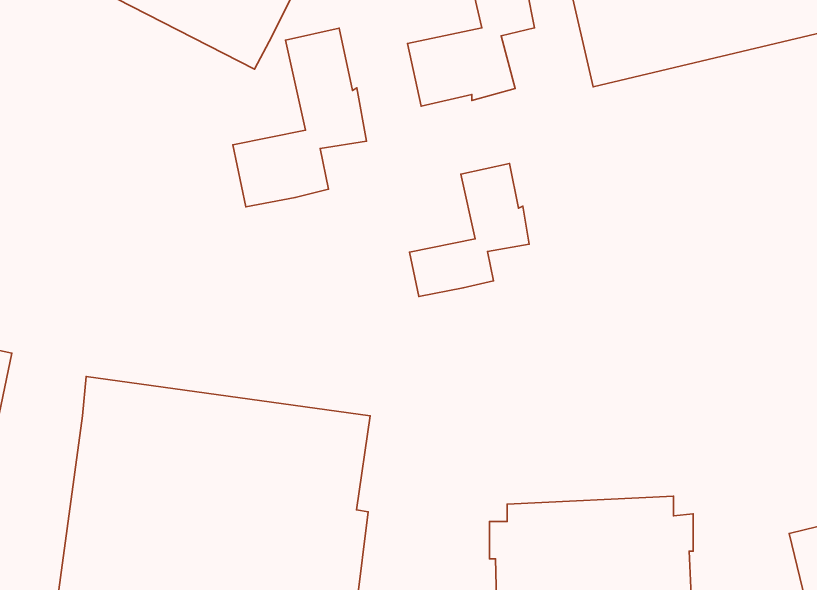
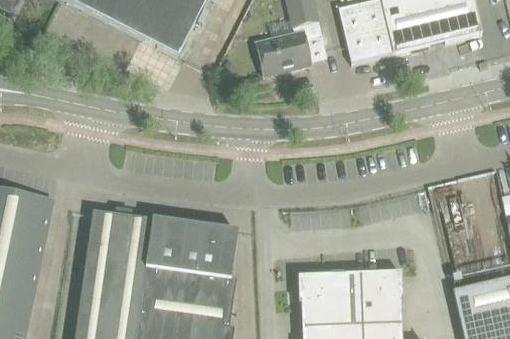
building: [233,28,366,207] -> none
building: [410,164,529,297] -> none

